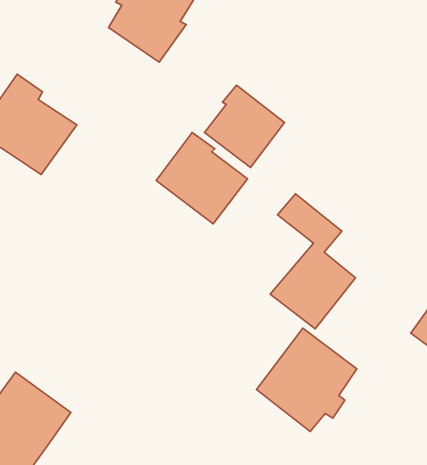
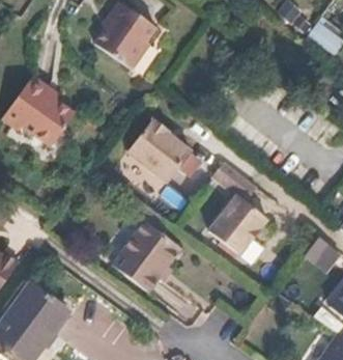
building: [204,85,285,167] -> none
building: [256,328,357,432] -> [112,221,181,293]

